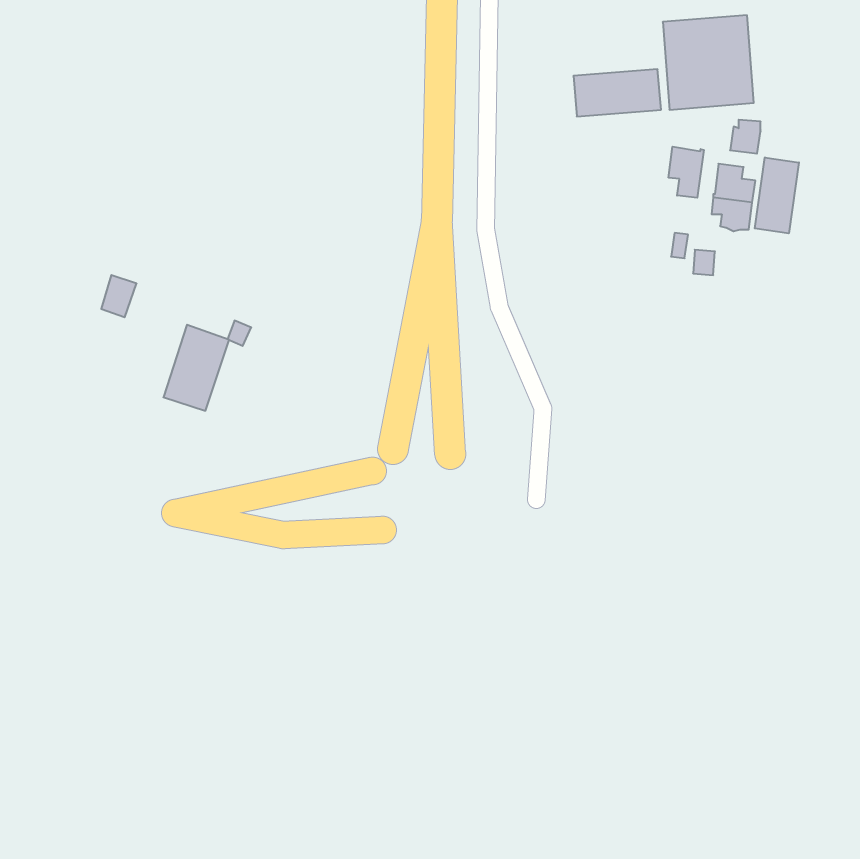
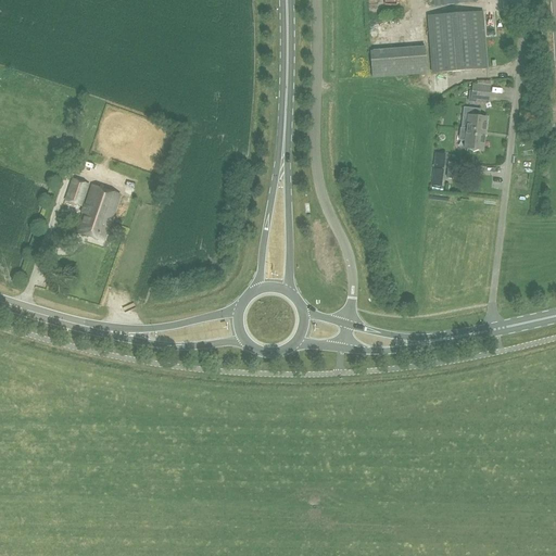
building: [669,147,704,198] -> none
building: [755,157,799,233] -> none
building: [163,325,229,411] -> [76,184,118,239]

